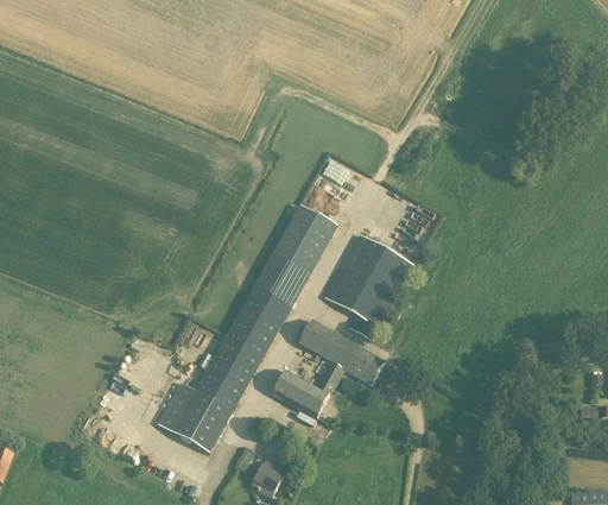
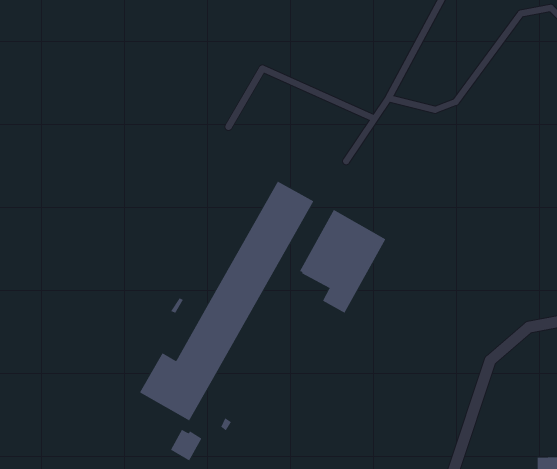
building: [270,320,382,417] -> none
building: [249,462,283,495] -> [170,429,202,461]

